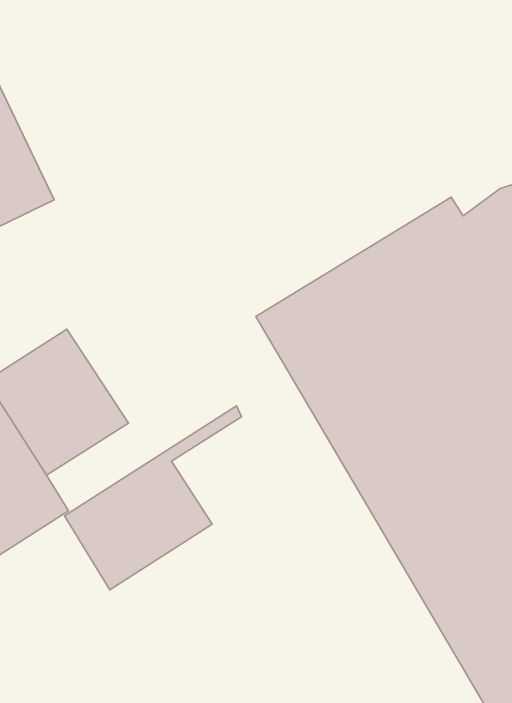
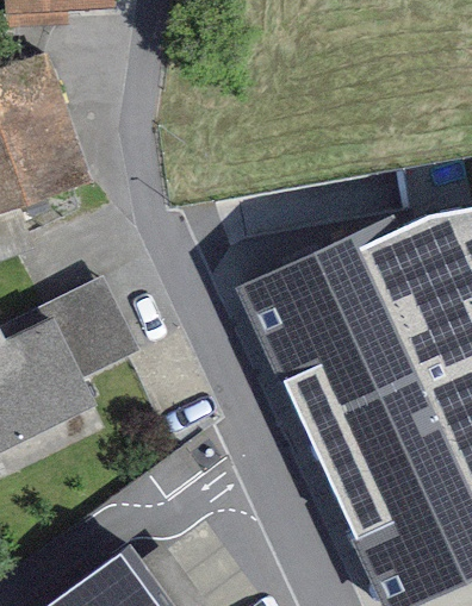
building: [64,406,241,590] -> none

